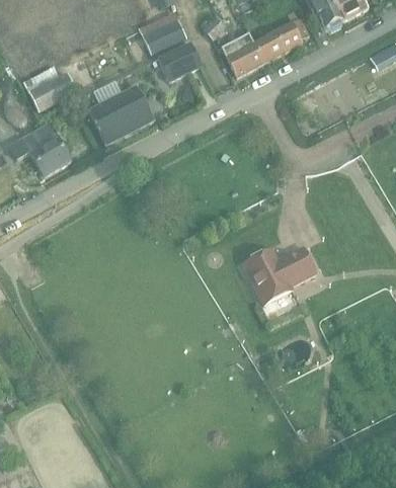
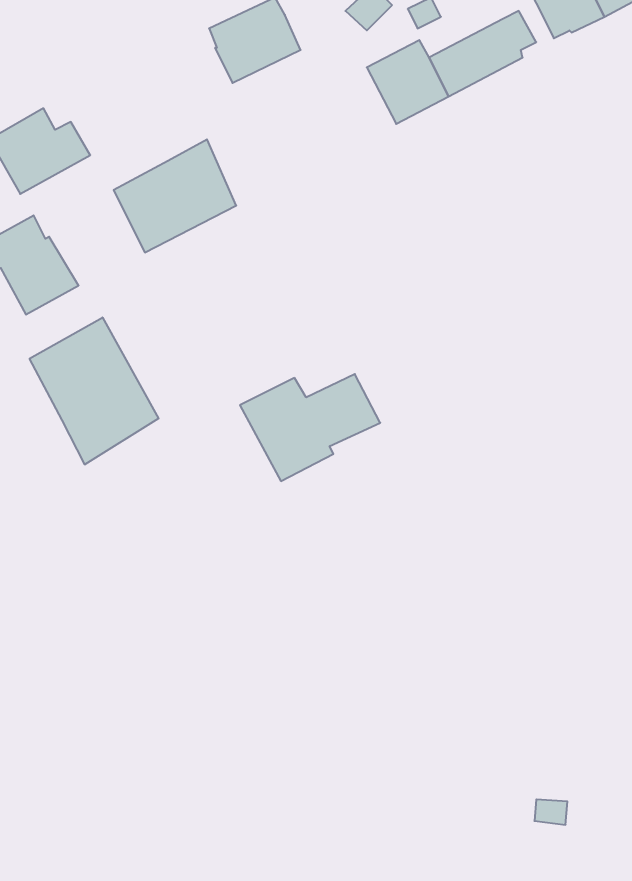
building: [158,43,202,81] -> none
building: none -> [30,317,159,465]
building: [243,247,316,303] -> [240,374,380,481]

